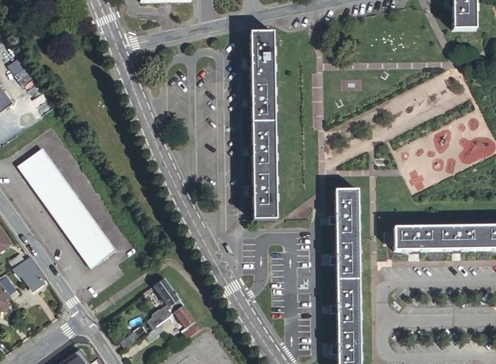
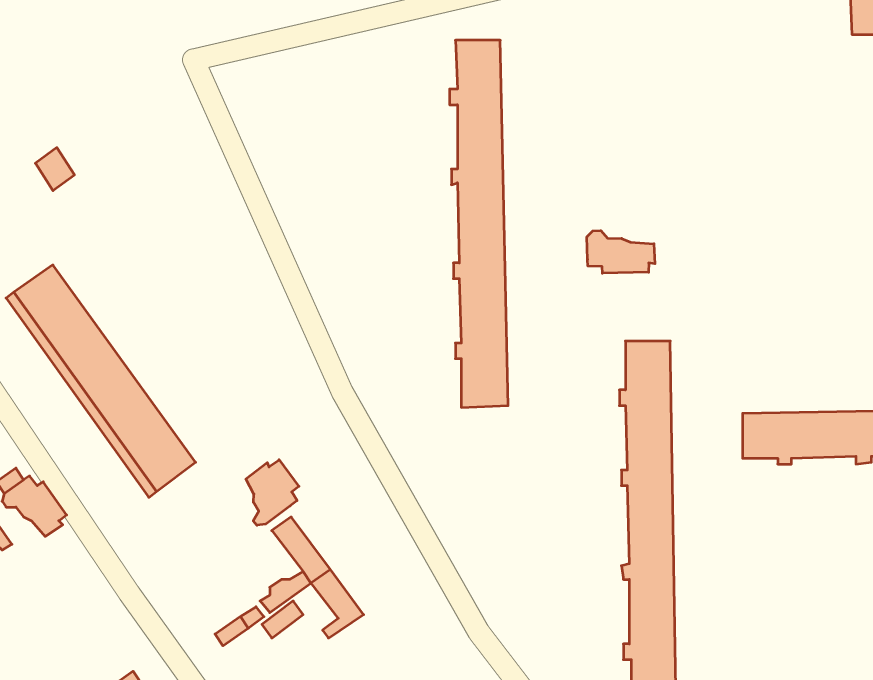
building: none -> [587,231,655,273]
building: none -> [246,460,299,525]

